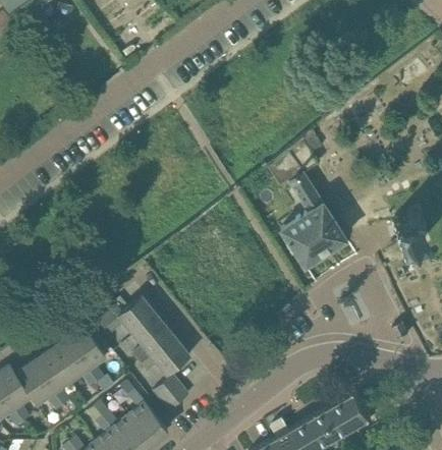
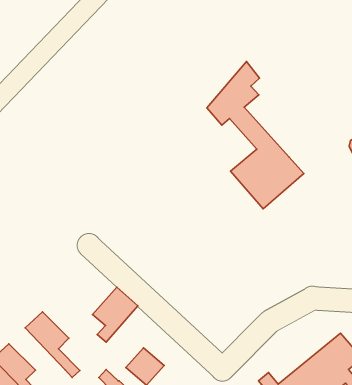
building: [93,296,157,340] -> none
building: [139,337,190,377] -> none
building: [49,340,97,390] -> none

